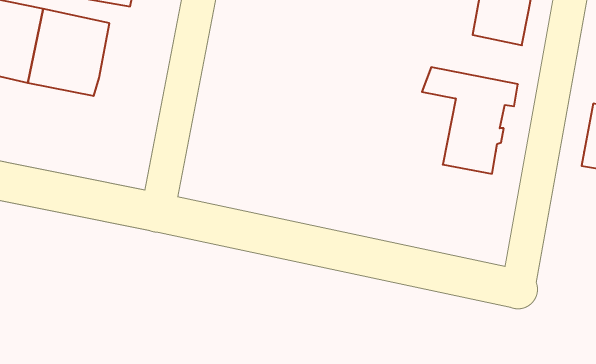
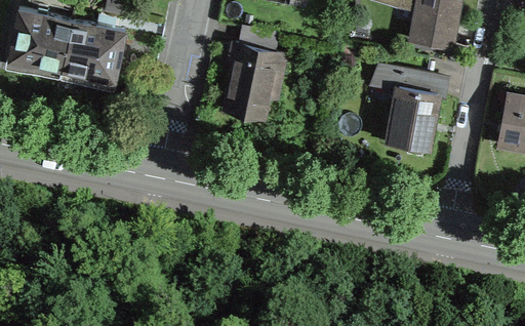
building: none -> [227,31,285,121]

